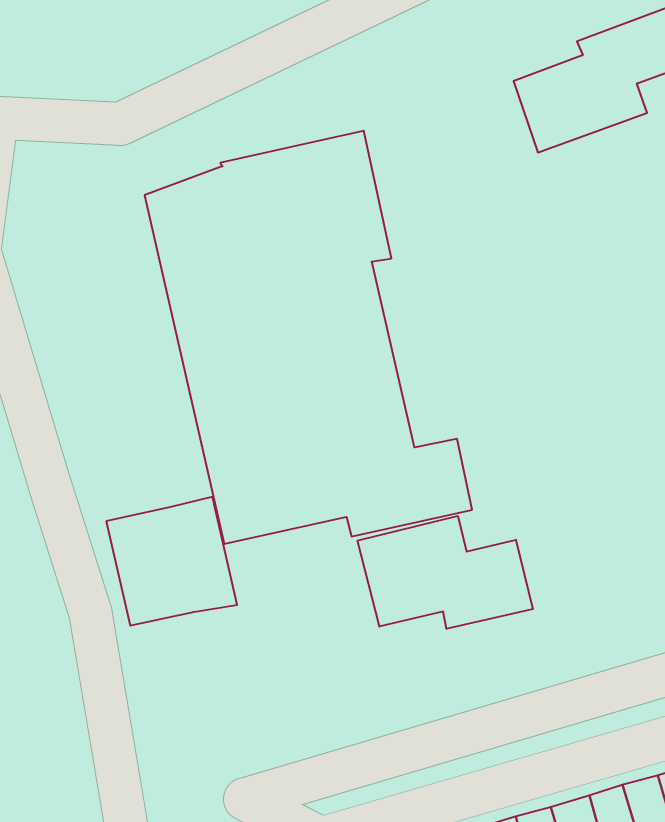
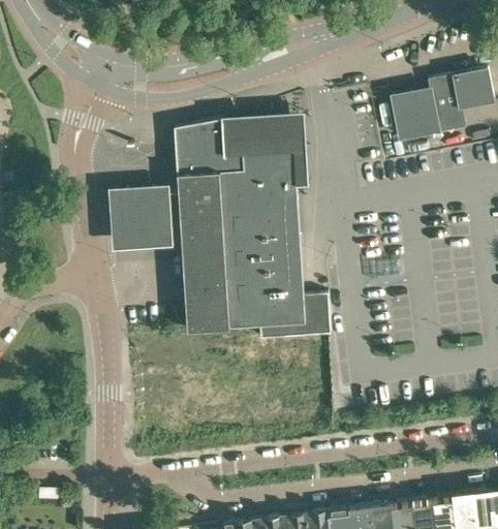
building: [106,497,237,626] -> [106,184,173,249]
building: [358,516,533,629] -> none

